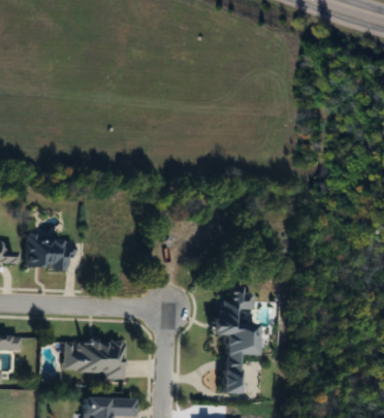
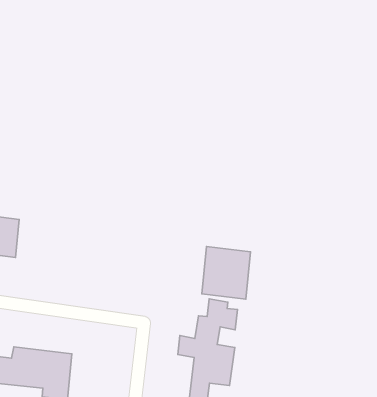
building: none -> [202,246,251,299]

